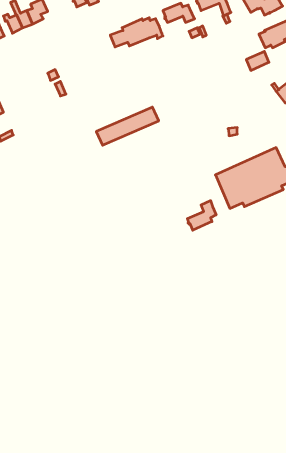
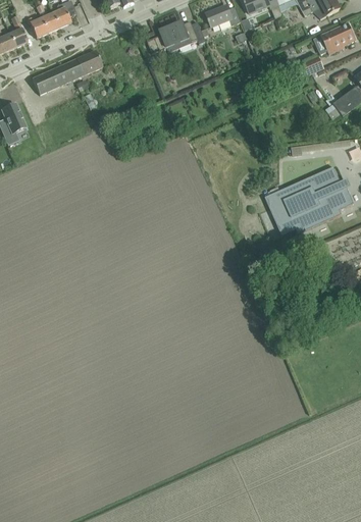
building: [96,107,159,145] -> [31,50,101,93]
building: [187,201,216,230] -> none

